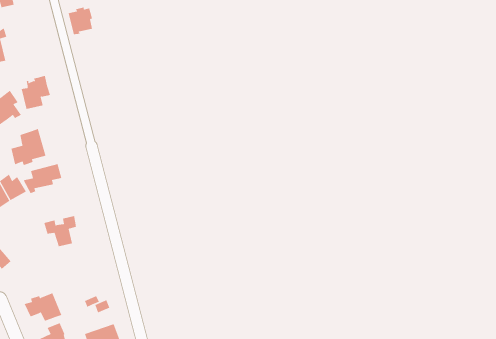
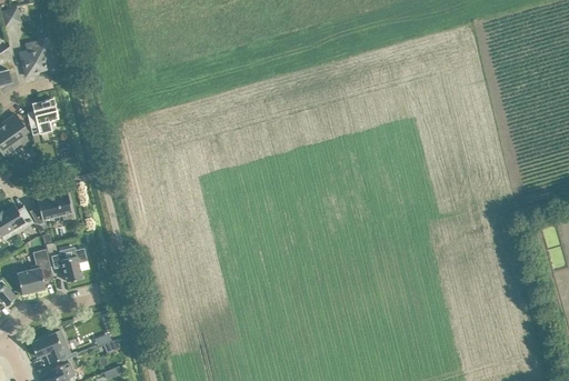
building: [68,7,93,35] -> [19,46,46,76]
building: [11,128,46,166] -> none
building: none -> [16,249,52,293]

